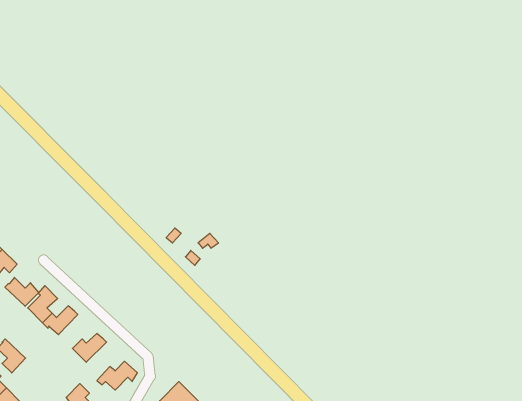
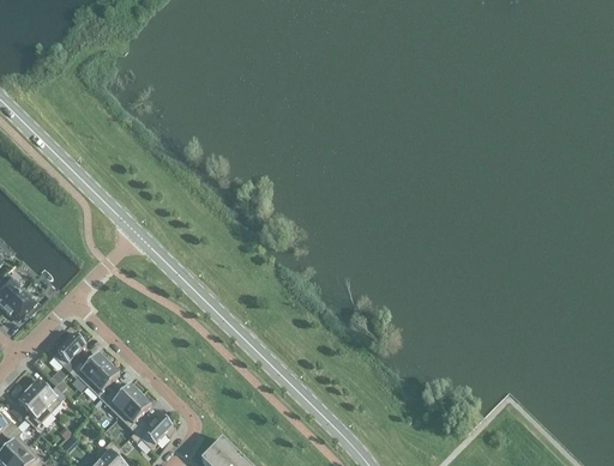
building: [5,277,39,306] -> [26,379,65,411]
building: none -> [86,362,119,400]
building: none -> [118,393,150,436]

